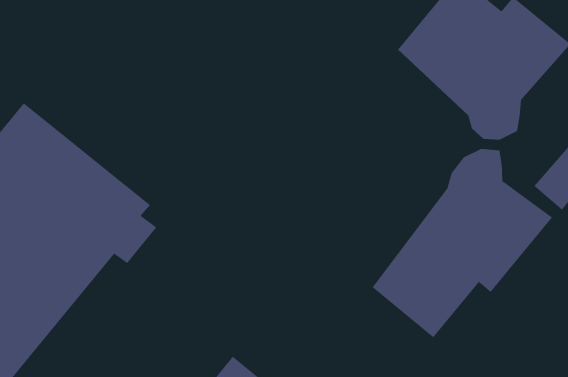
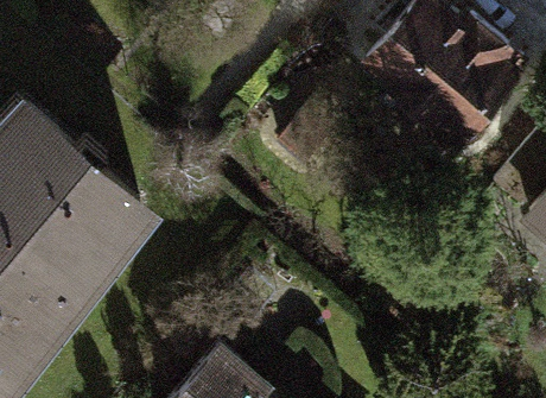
building: [372,148,553,338] -> none

